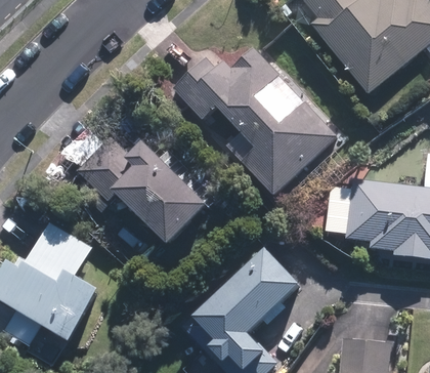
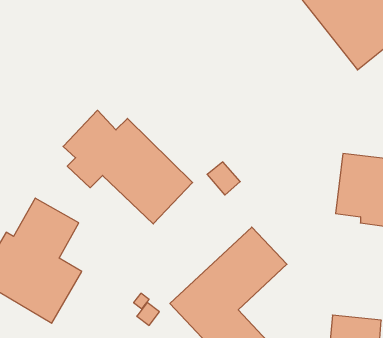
building: [172,45,338,197] -> none

